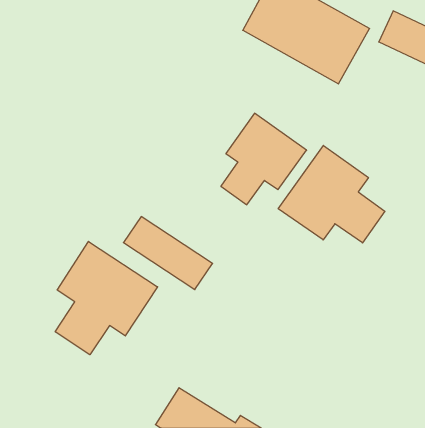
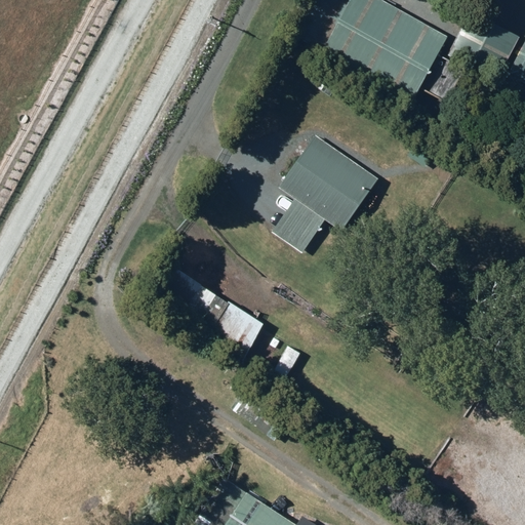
building: [278,145,385,243] -> none
building: [55,241,158,355] -> none

